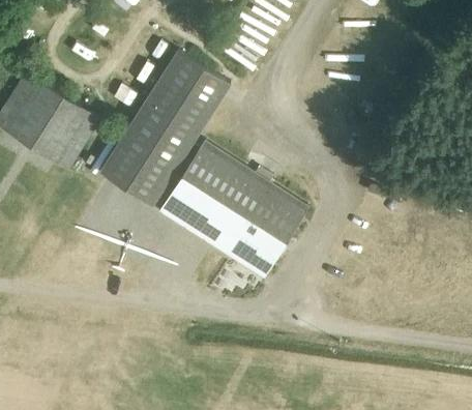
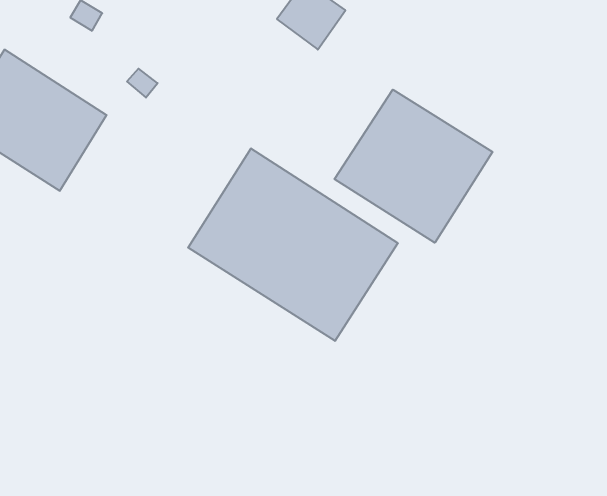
building: [98,51,230,207] -> none
building: none -> [335,90,492,243]

